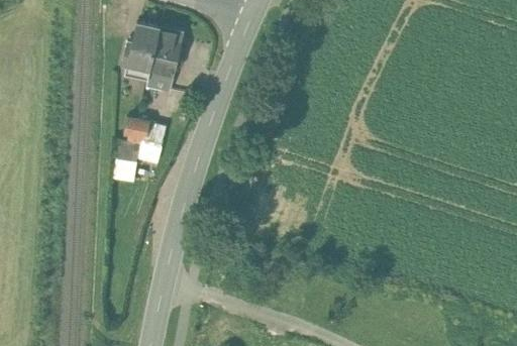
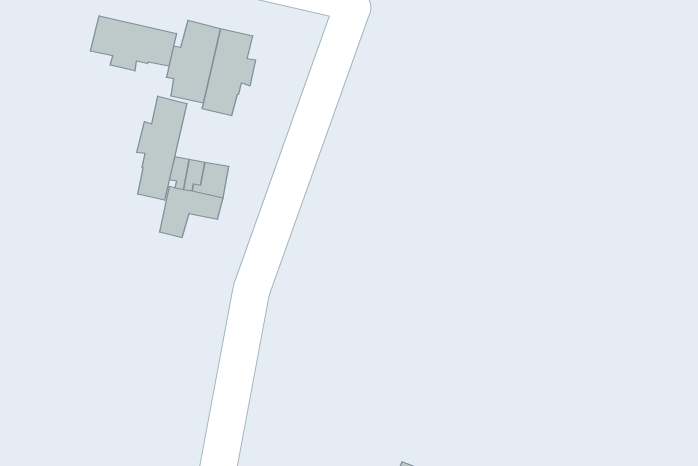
building: none -> [91,16,176,71]
building: none -> [137,96,187,200]

